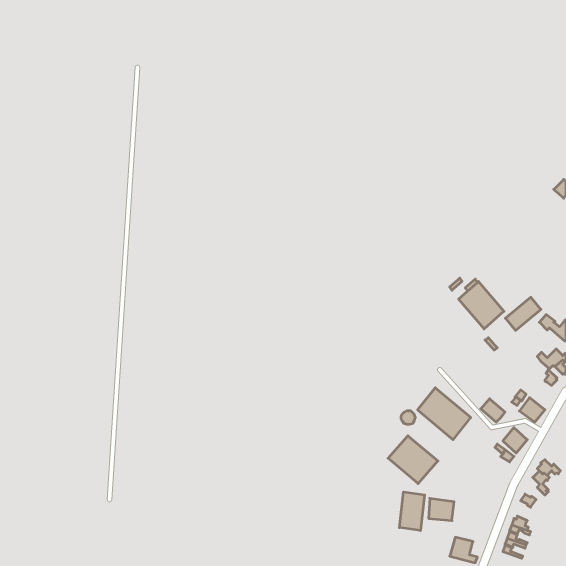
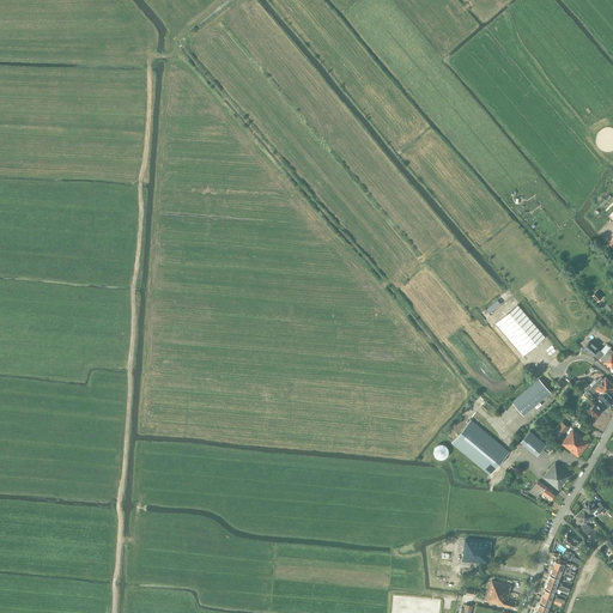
building: [505,297,541,330] -> [512,380,551,415]
building: [388,436,438,484] -> none
building: [399,492,425,531] -> none

